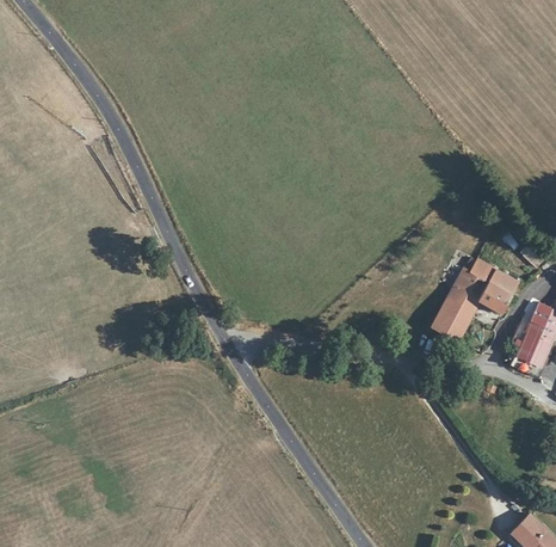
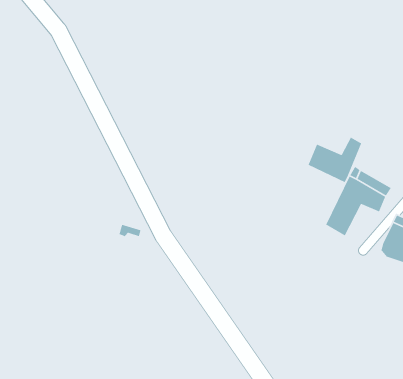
building: none -> [307,136,362,183]

